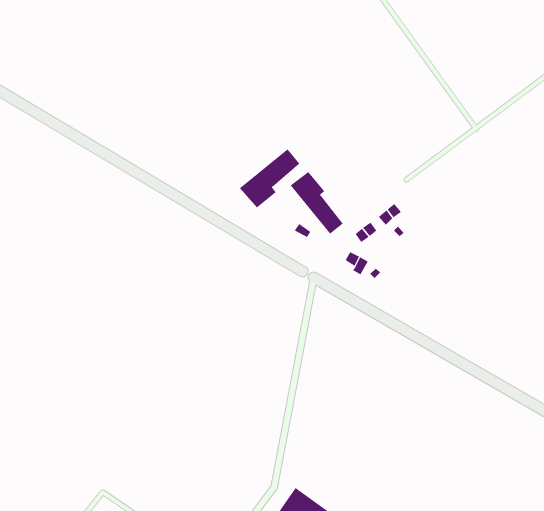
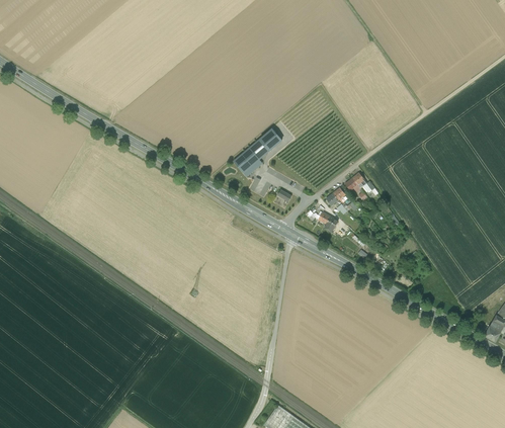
building: [290,171,343,234] -> none

